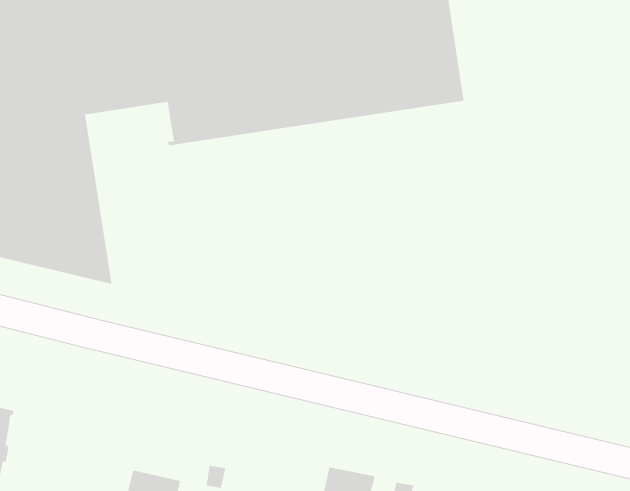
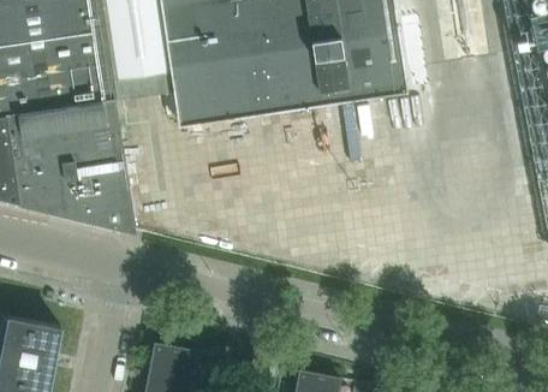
building: none -> [150,343,193,381]

